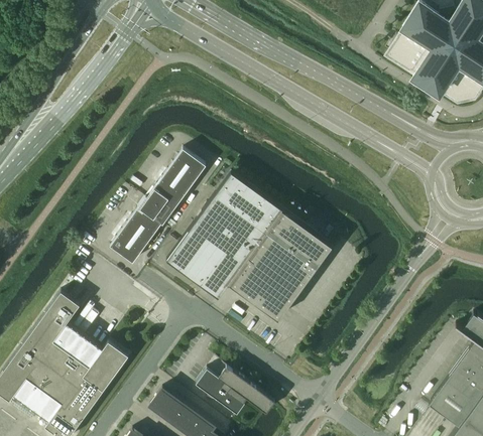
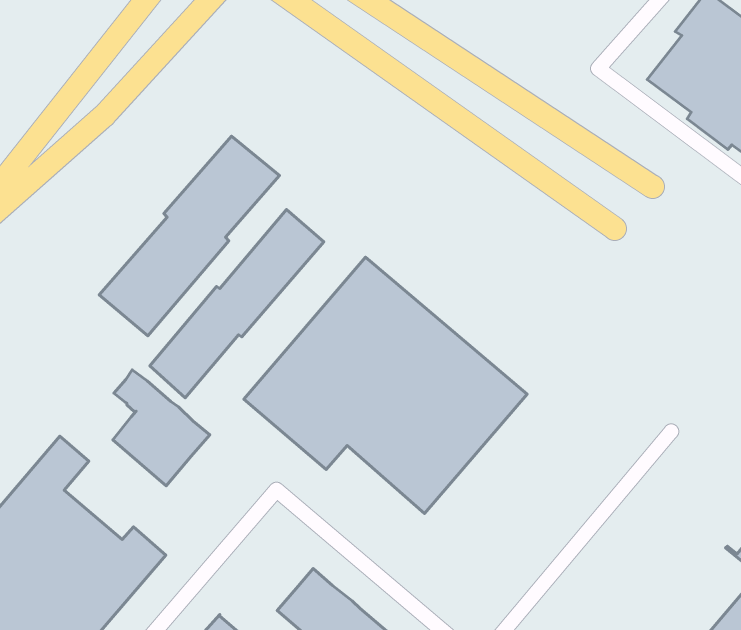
building: none -> [99,136,280,336]
building: none -> [113,370,210,486]

